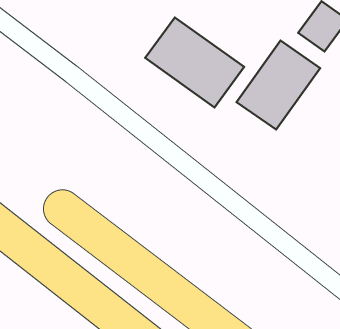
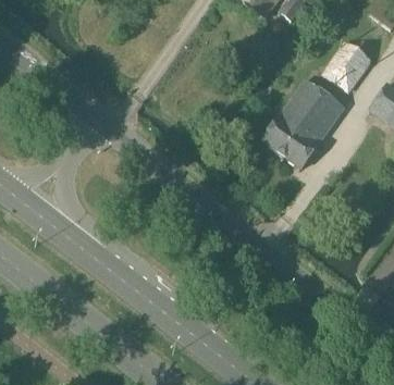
building: [145,18,244,107] -> none

